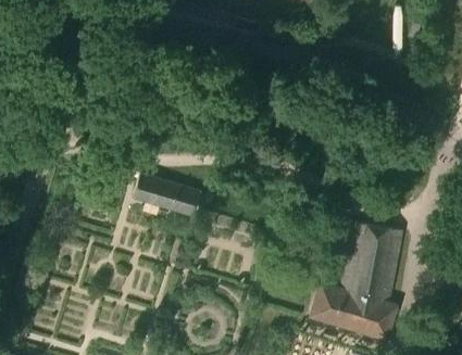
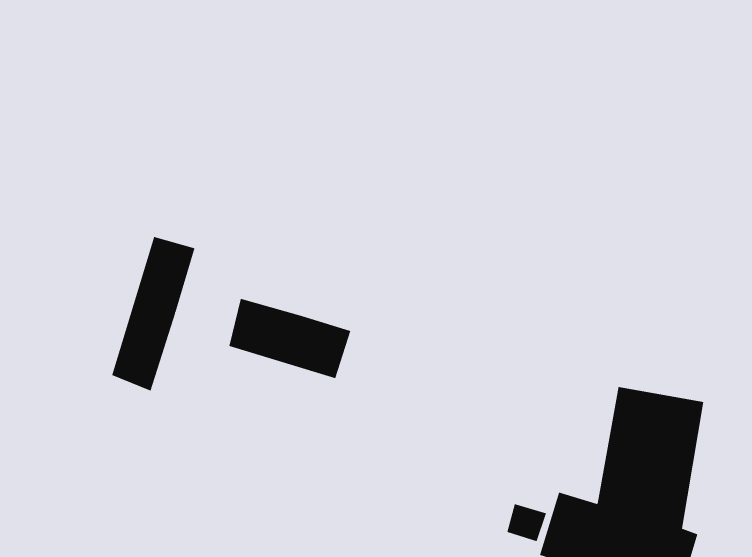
building: none -> [111,236,195,392]

